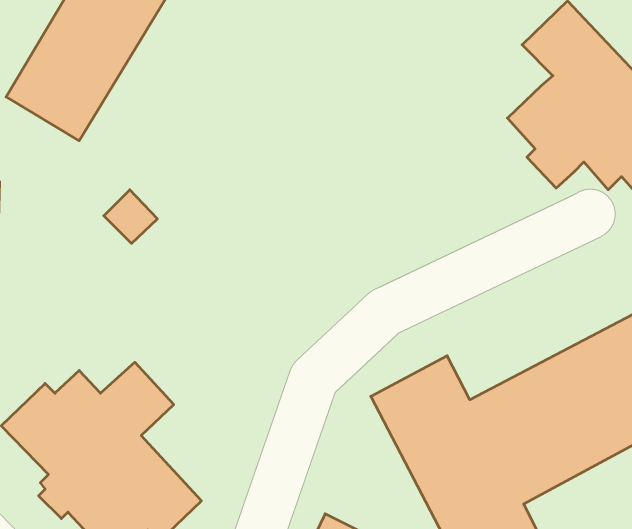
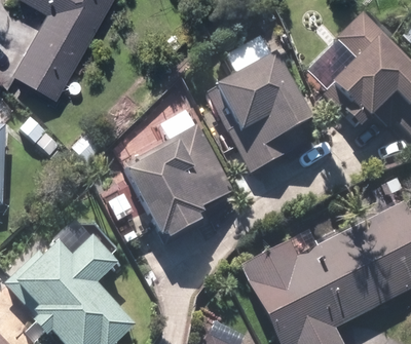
building: none -> [211,36,311,174]
building: none -> [120,111,232,244]

